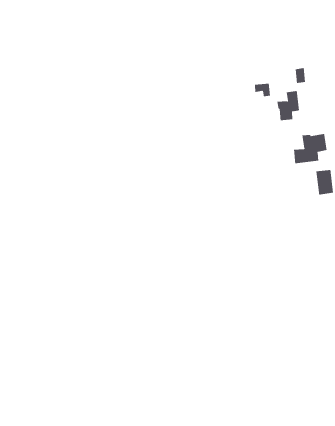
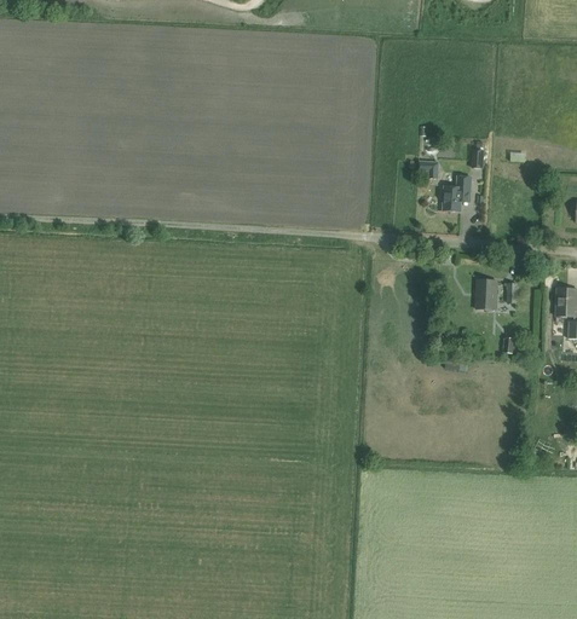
building: [294,133,327,164] -> none

